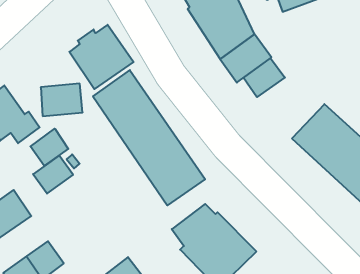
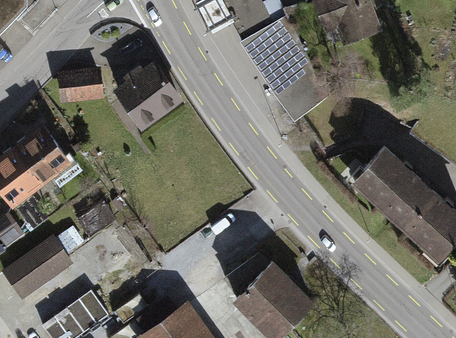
building: [243,58,285,97] -> none
building: [93,70,205,205] -> none
building: [41,84,83,116] -> [57,67,102,102]
building: [30,129,68,166] -> none

